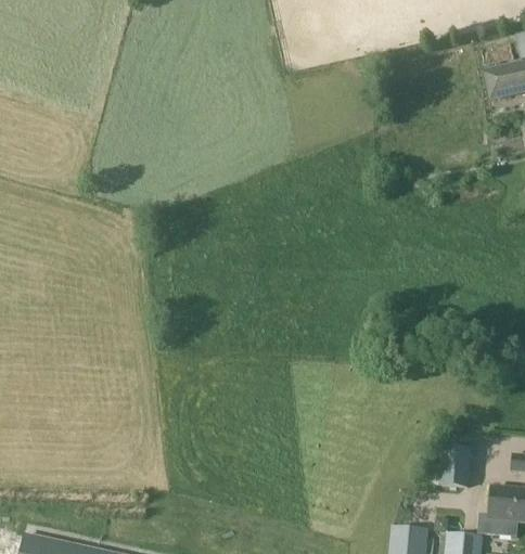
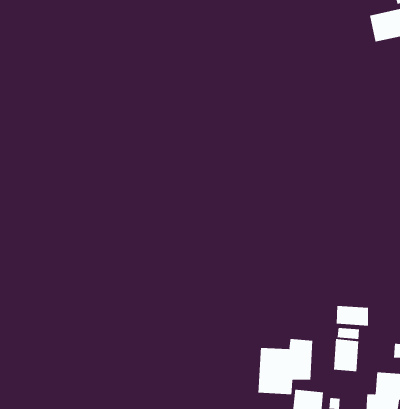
building: none -> [336,305,369,326]
building: none -> [258,338,313,395]

